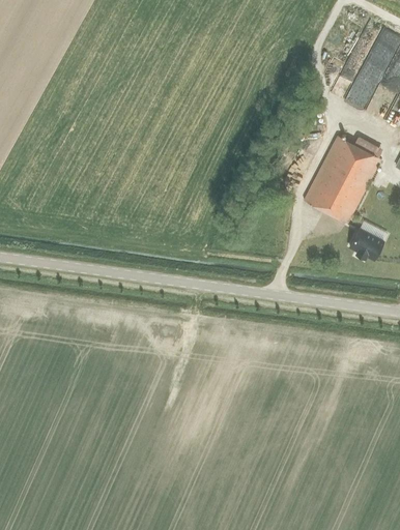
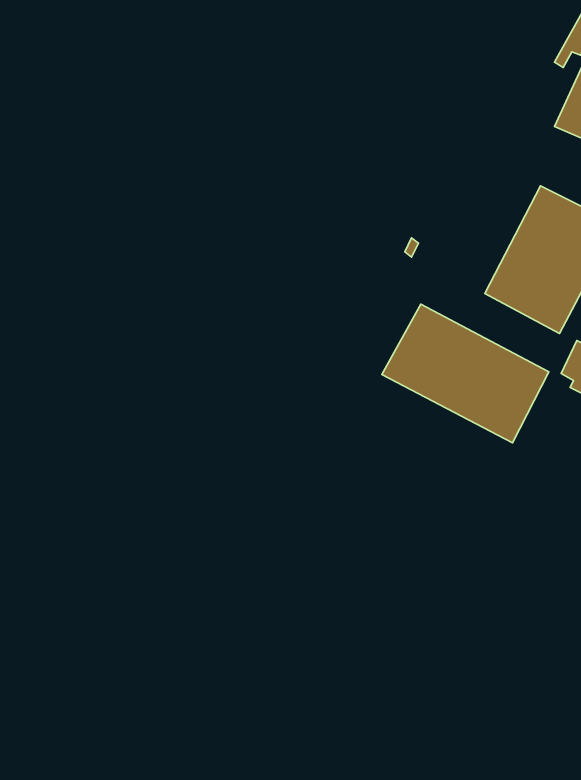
building: none -> [382,304,549,443]

